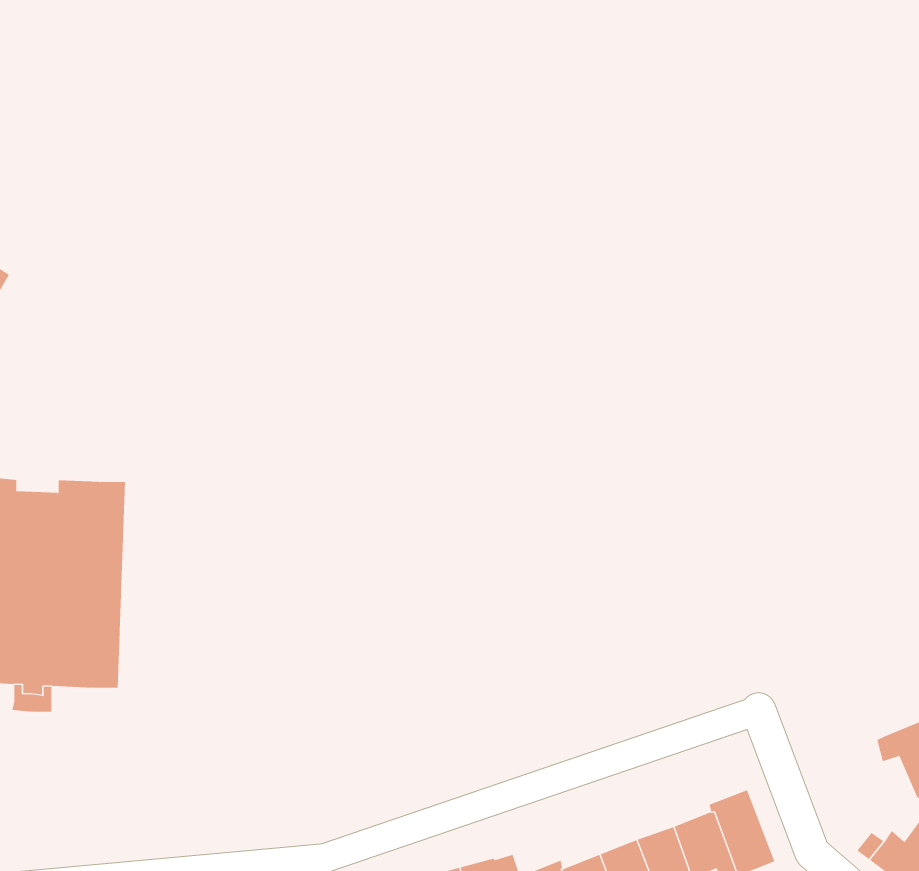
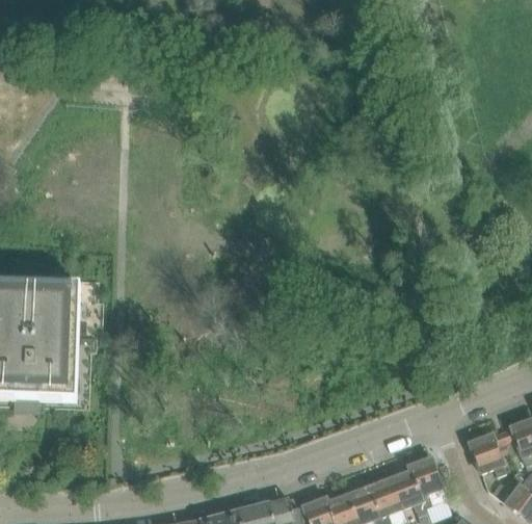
building: none -> [469,429,506,475]

